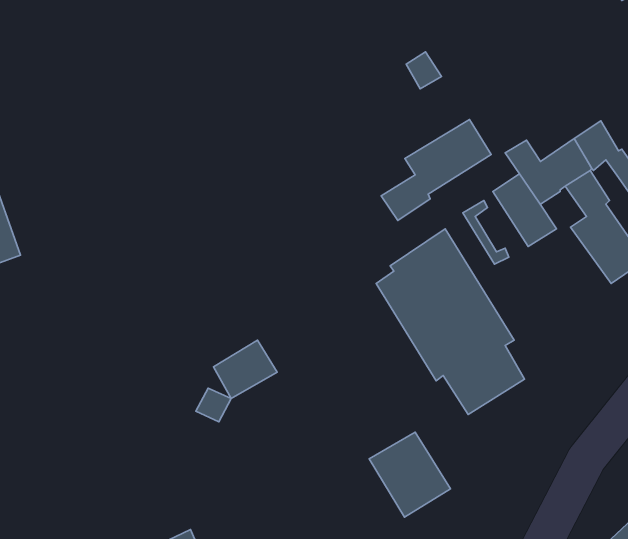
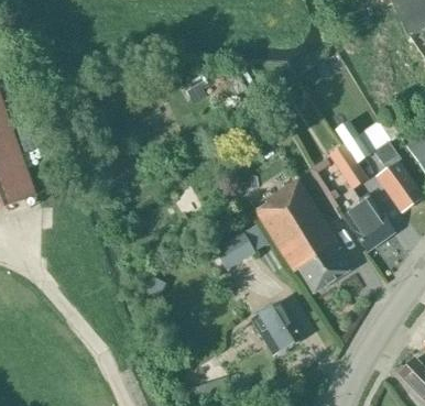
building: [381,120,491,220] -> none
building: none -> [344,198,393,251]
building: [213,340,277,399] -> [215,231,254,267]

